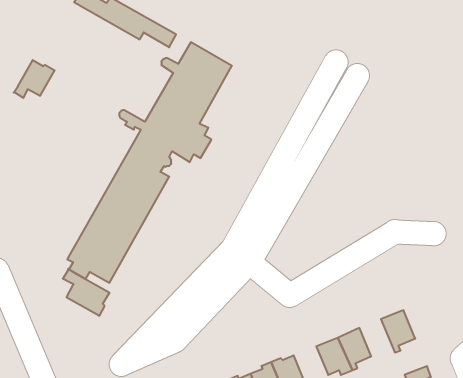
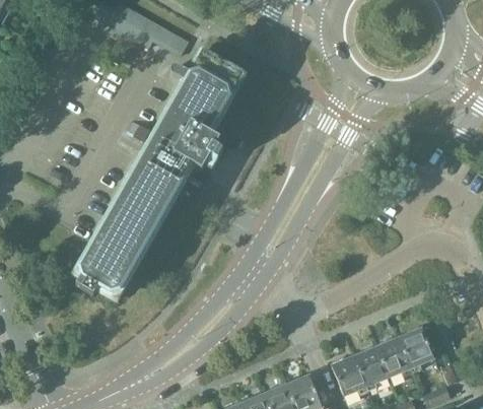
building: [14,60,55,98] -> none
building: [63,269,109,316] -> none
building: none -> [375,338,412,378]

